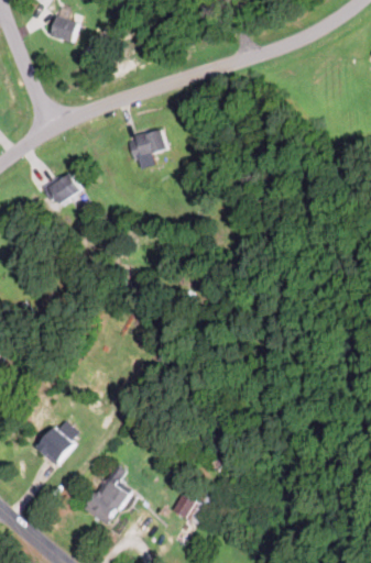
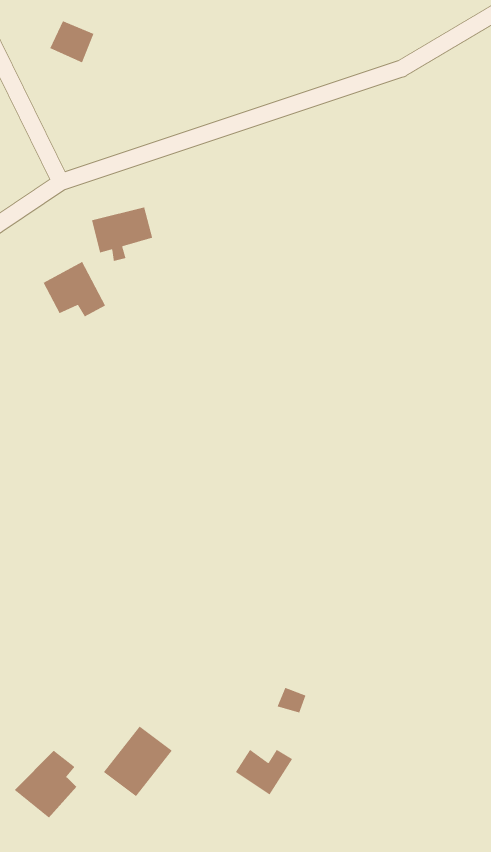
building: [127,130,167,166] -> [91,207,153,262]
building: [37,419,79,464] -> [14,750,77,819]

